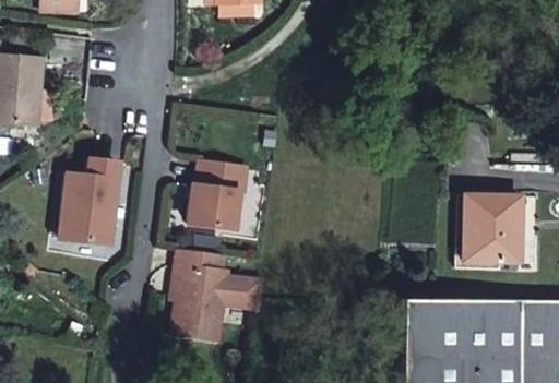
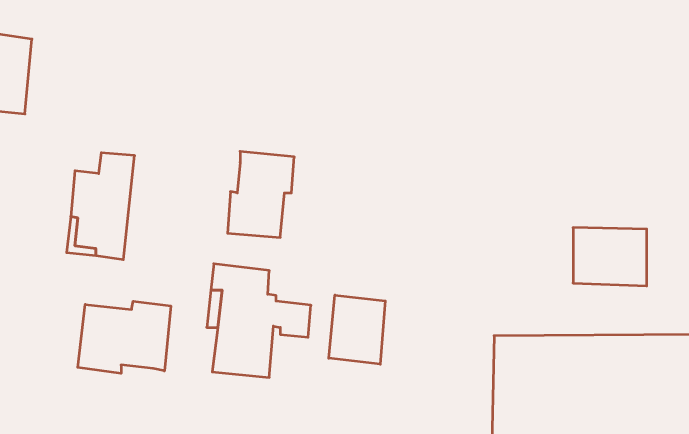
building: [463,198,521,219] -> none
building: none -> [329,295,385,364]
building: none -> [78,301,171,373]

